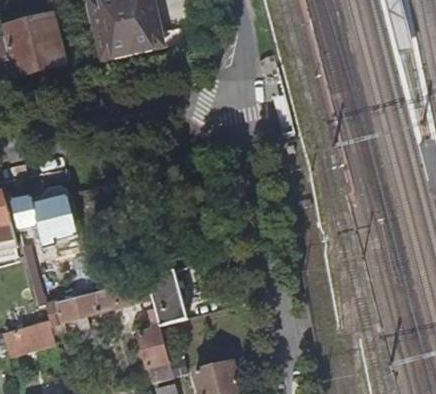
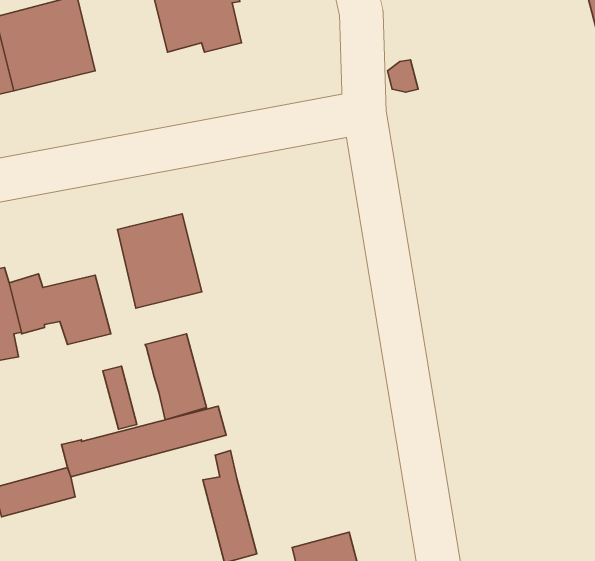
building: none -> [118,214,202,308]
building: [145,270,185,326] -> [145,334,207,420]

